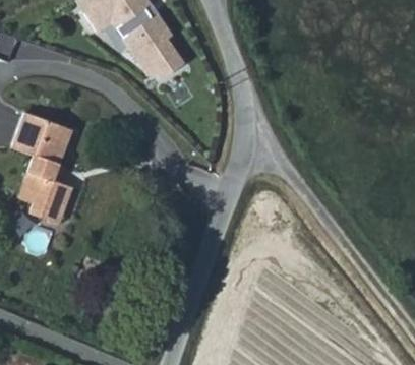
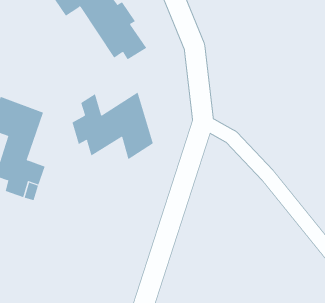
building: none -> [72,92,154,160]

